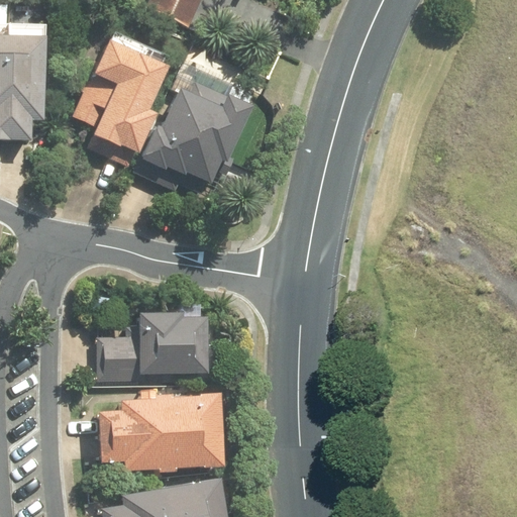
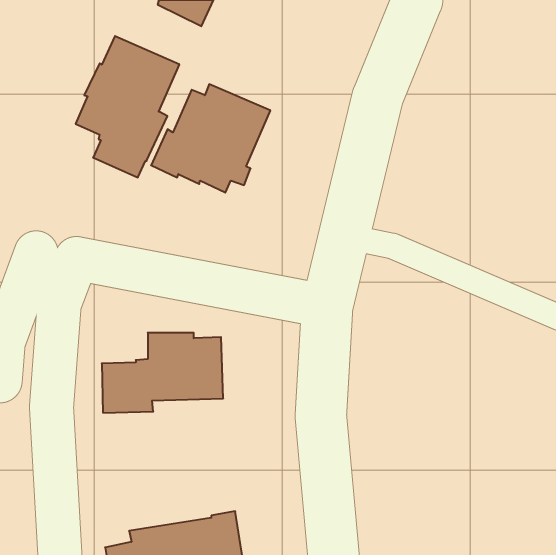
building: [7,33,45,139] -> none
building: [98,389,224,471] -> none

